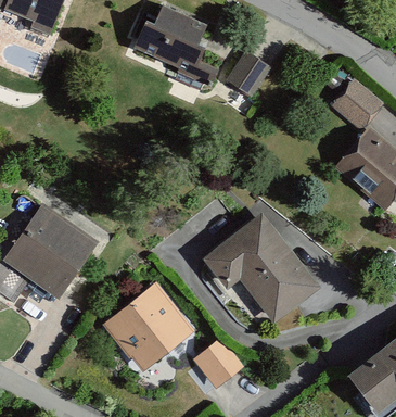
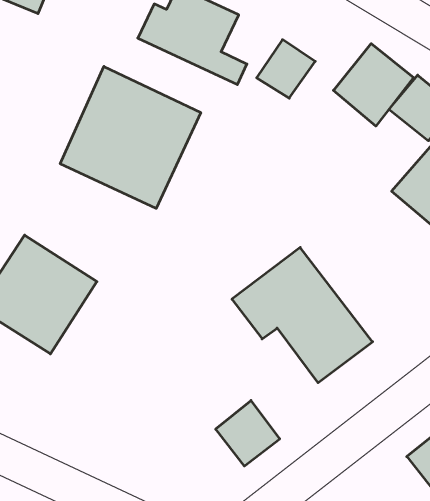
building: none -> [333,44,414,126]
building: none -> [60,66,201,208]
building: [104,281,195,371] -> none

